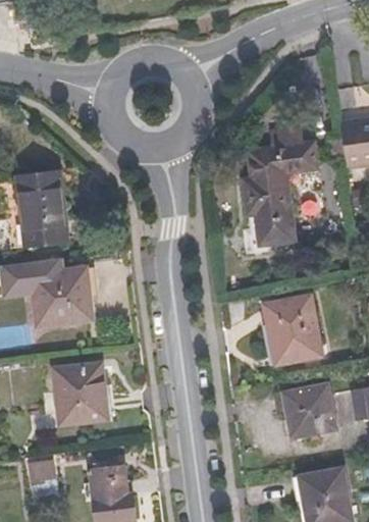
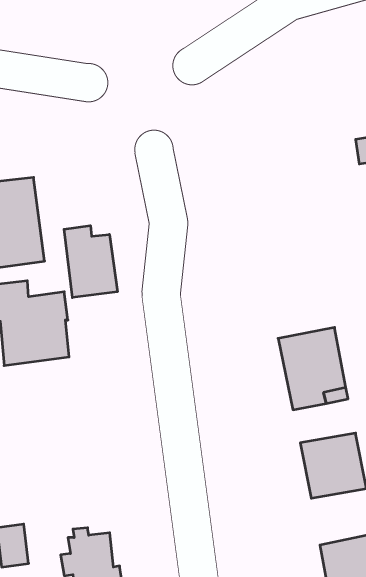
building: [244,128,317,246] -> none
building: none -> [64,226,117,298]
building: [53,363,107,425] -> none

